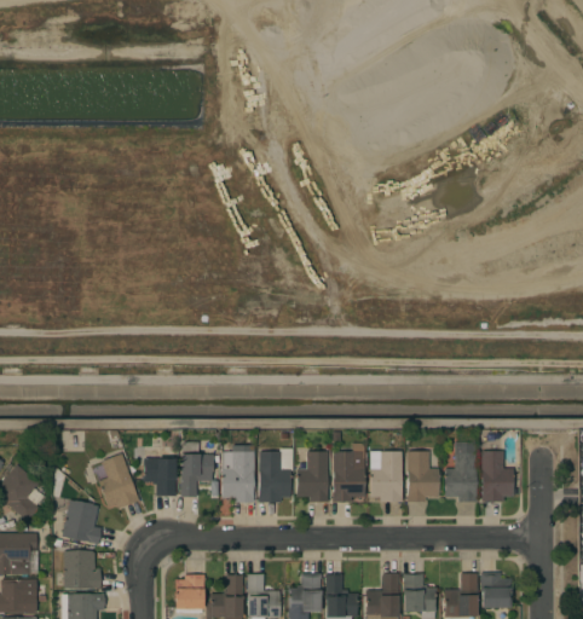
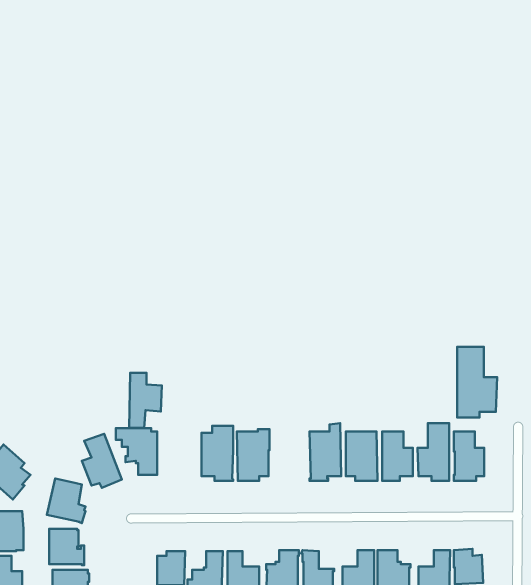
building: none -> [457,347,497,417]
building: [180,441,214,498] -> [129,373,162,428]
building: [296,451,329,502] -> none

